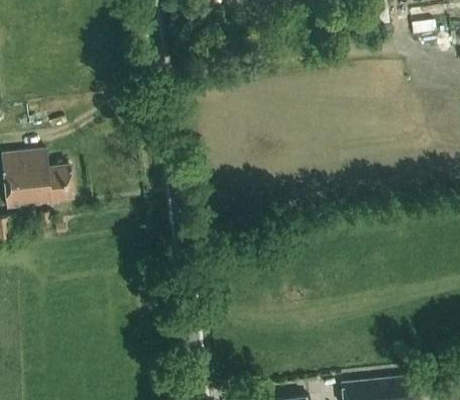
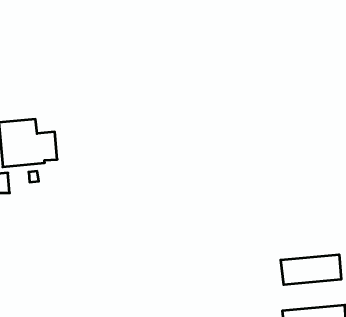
building: none -> [281,255,341,285]

